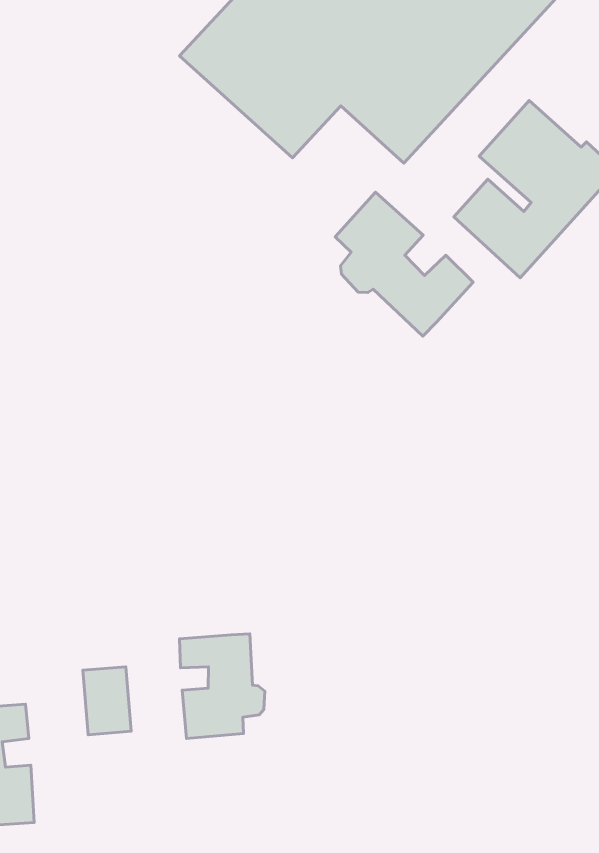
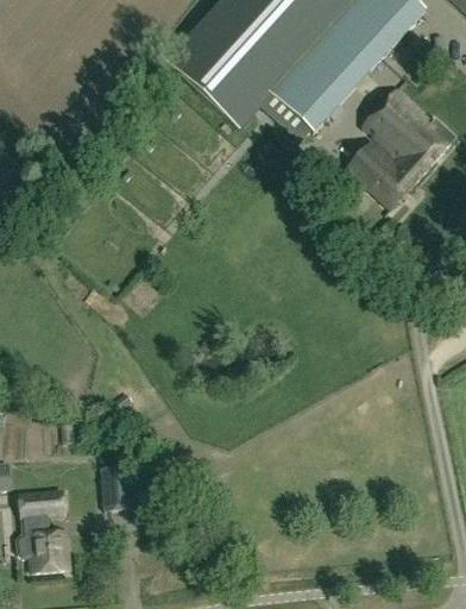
building: [335,192,473,336] -> none
building: [179,634,265,738] -> none

